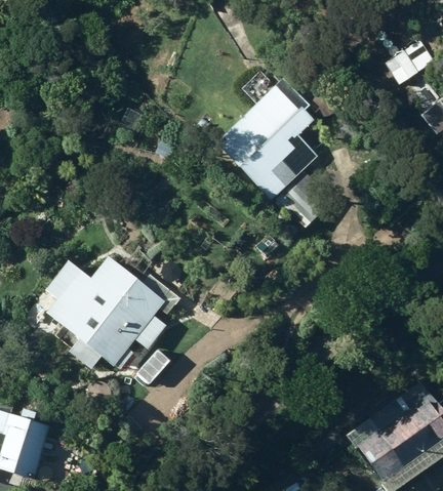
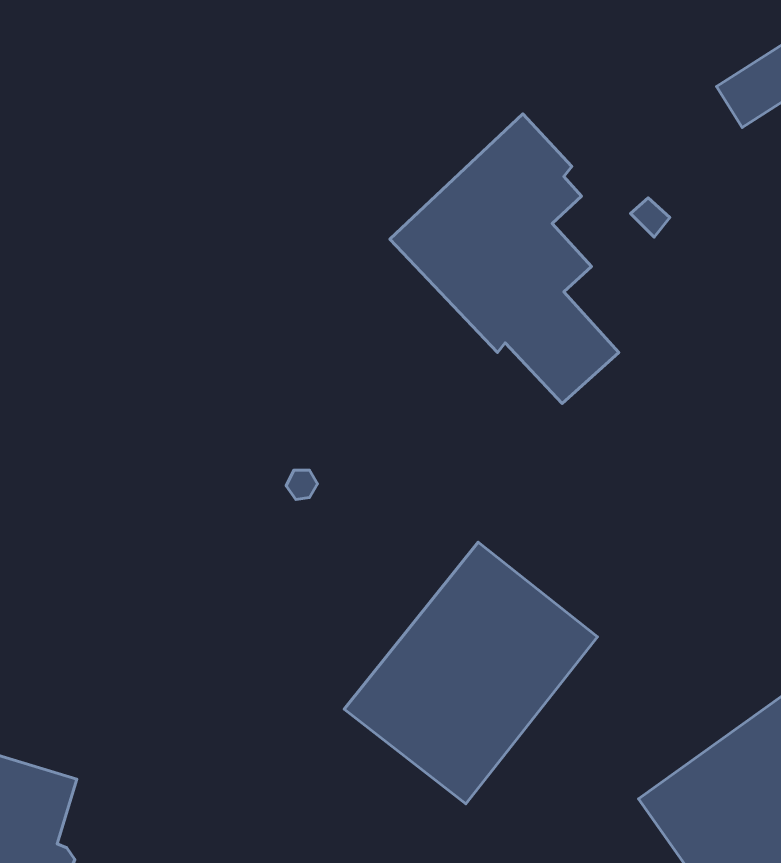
building: [43,254,168,370] -> none
building: none -> [344,542,598,804]

